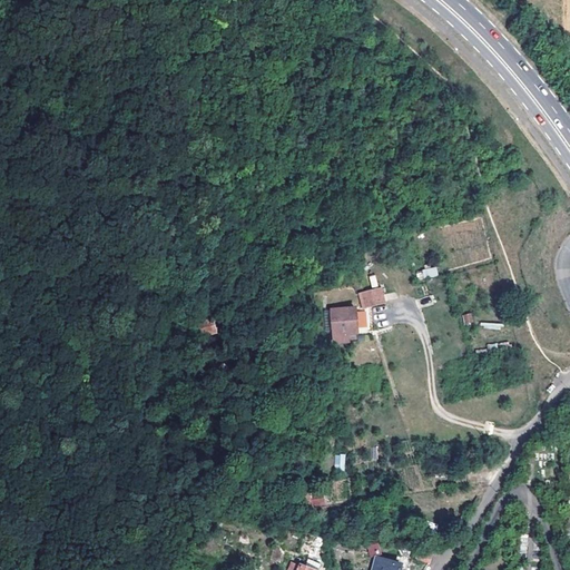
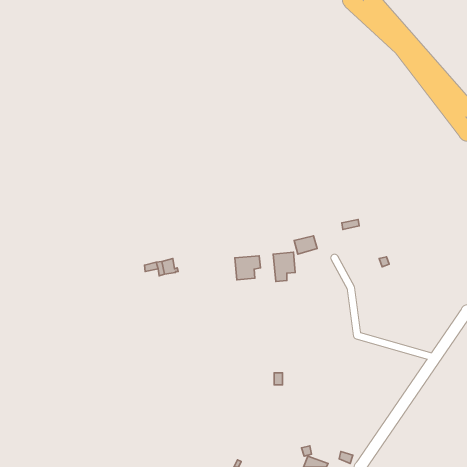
building: none -> [235,256,260,280]

